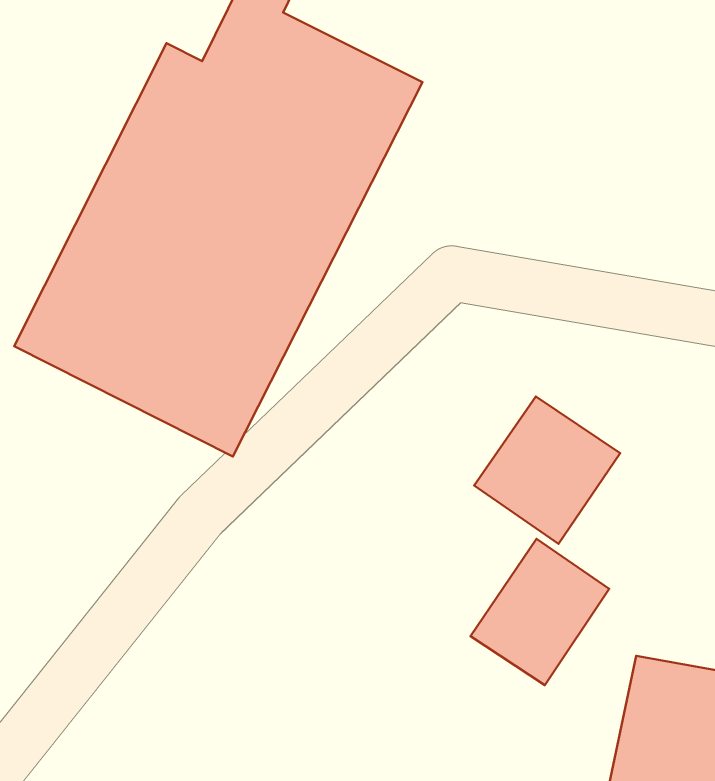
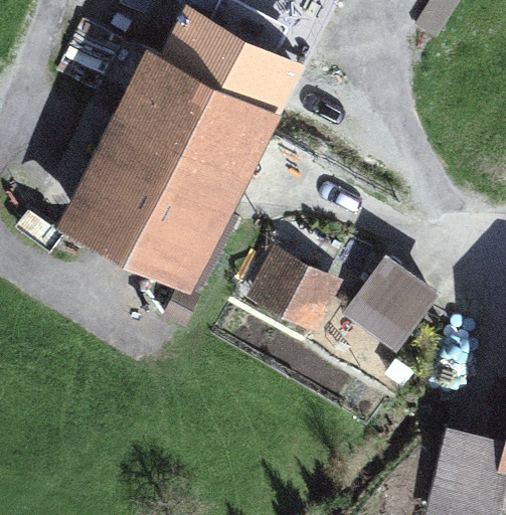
building: none -> [246,258,334,335]
building: [471,539,609,685] -> none

